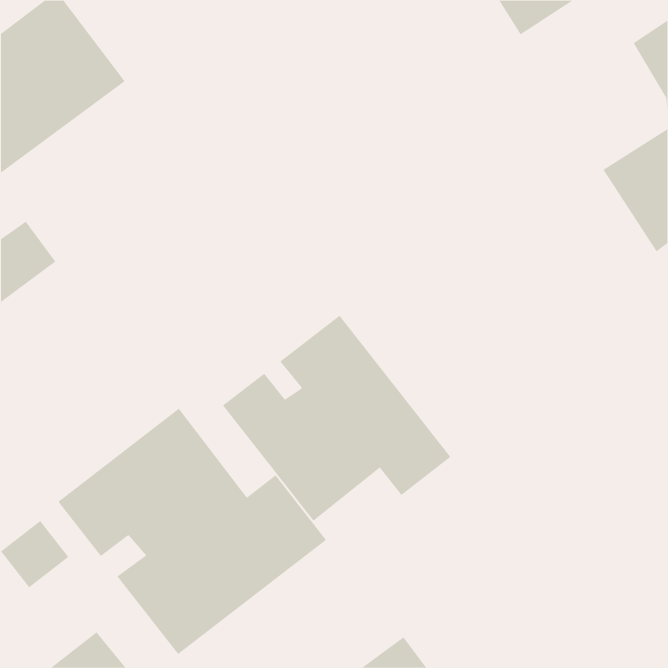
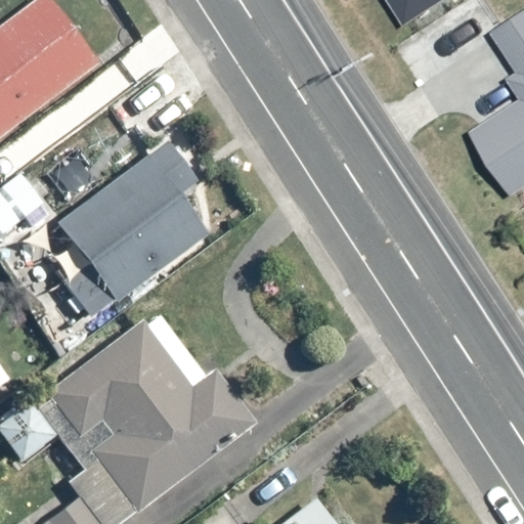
building: none -> [57,141,209,302]
building: [222,315,451,522] -> none

